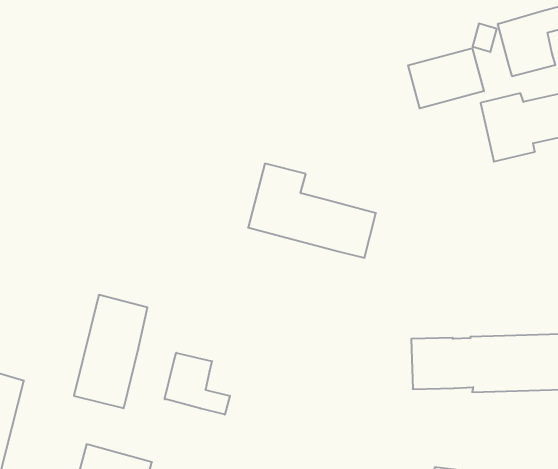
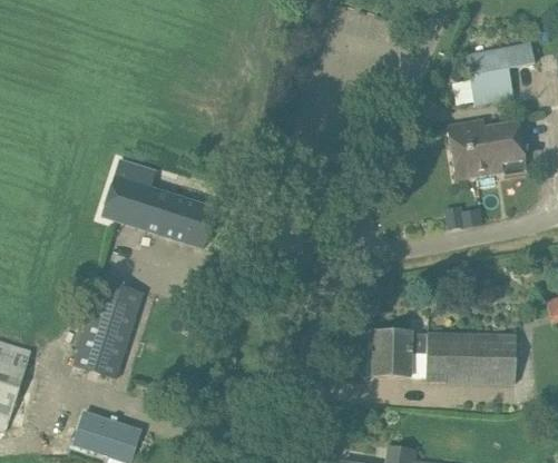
building: [408,48,484,108] -> none
building: [248,164,376,258] -> [102,159,216,247]
building: [165,353,230,415] -> none

